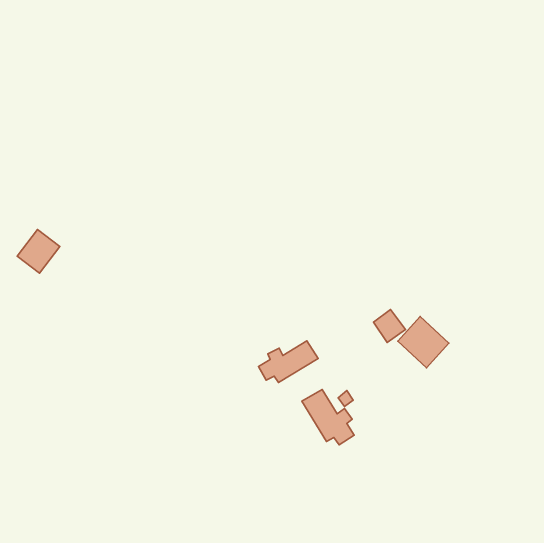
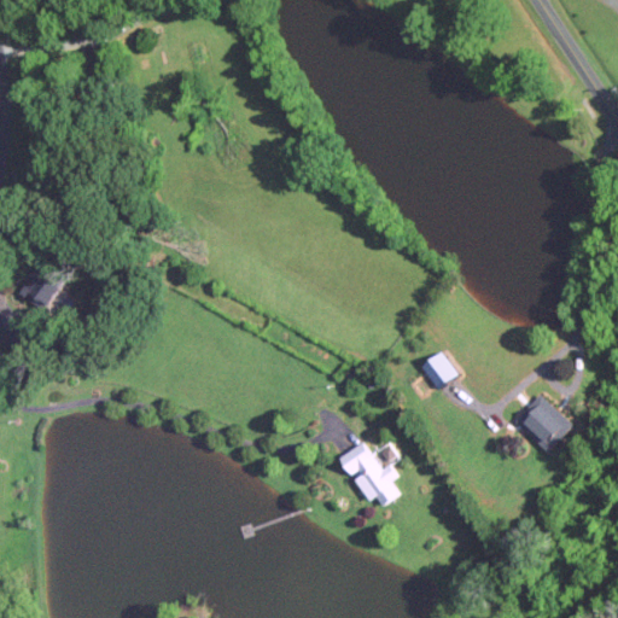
building: [398,317,449,368] -> [515,395,573,453]
building: [258,341,318,383] -> none

